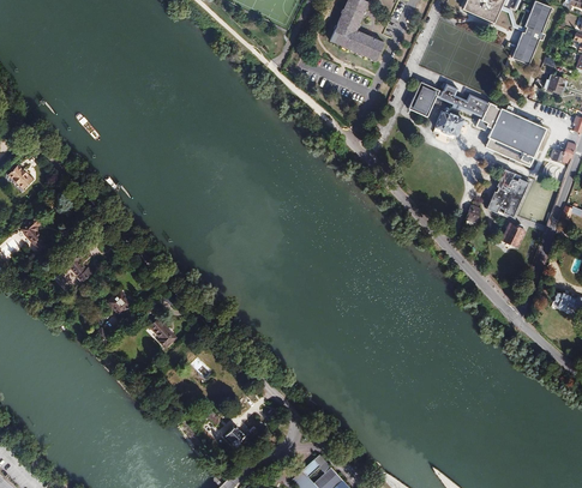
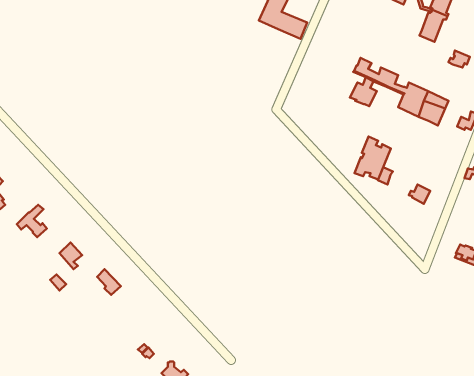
building: [406,80,437,115] -> none
building: [487,167,528,215] -> [354,137,391,180]

